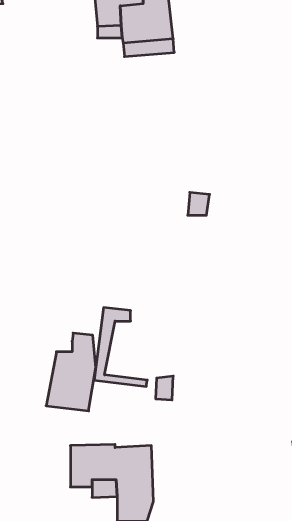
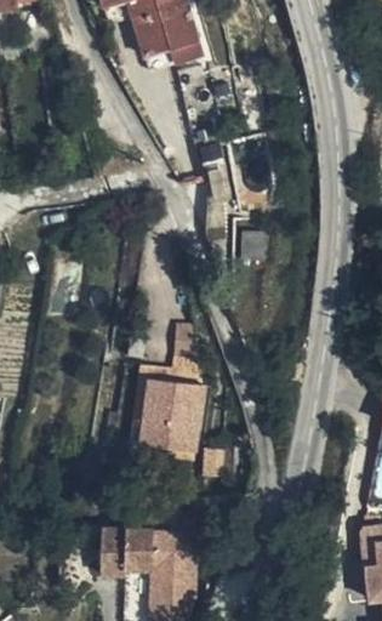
building: [46,333,96,411] -> [142,359,200,450]

